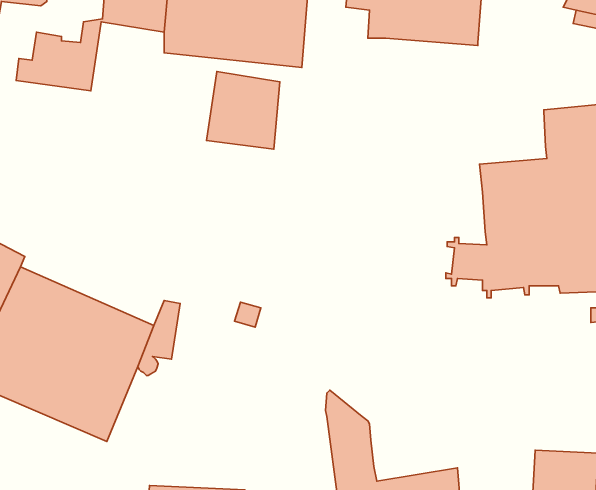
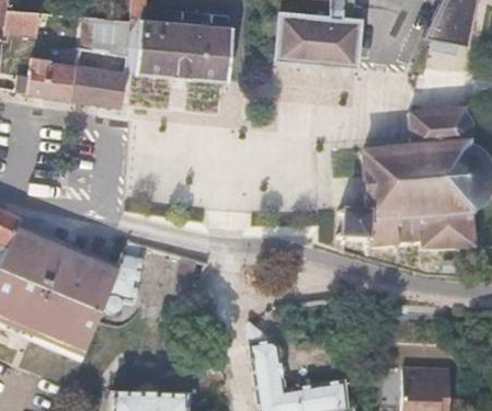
building: [207,71,280,149] -> [70,48,125,106]

